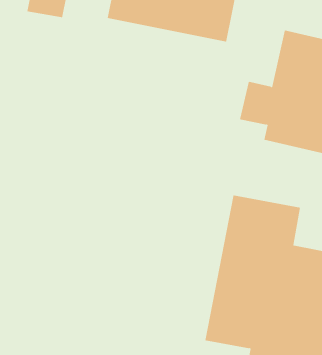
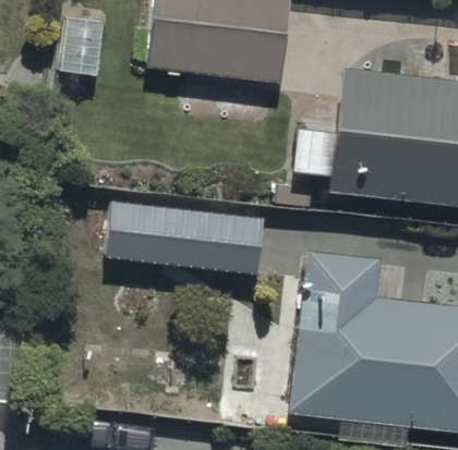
building: none -> [109,202,266,277]

